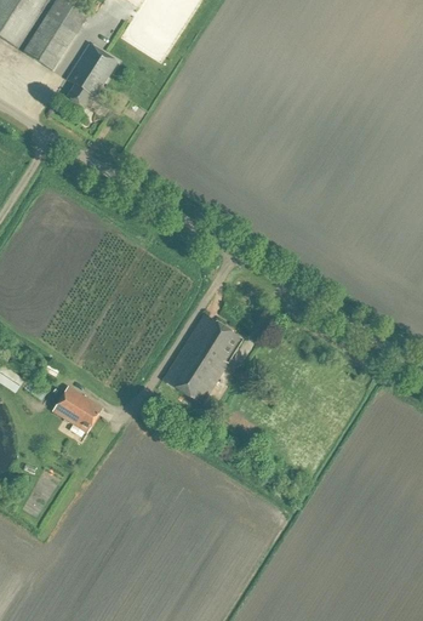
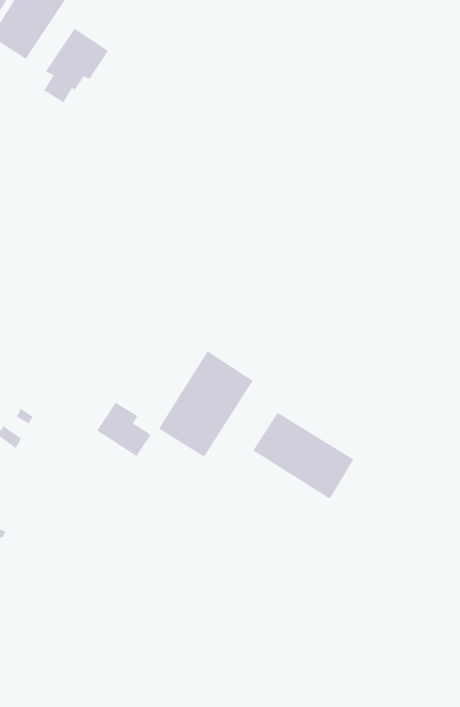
building: none -> [253,412,354,500]
building: [53,384,99,431] -> [96,402,151,457]

